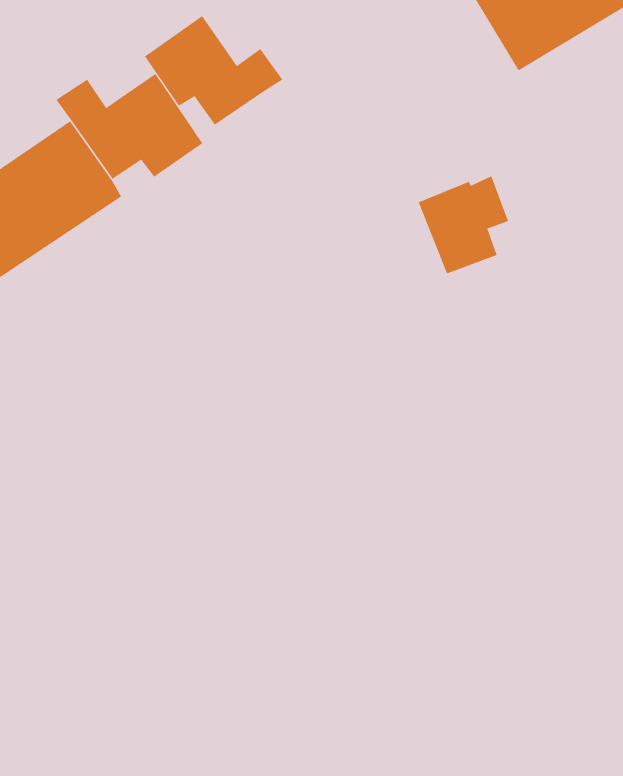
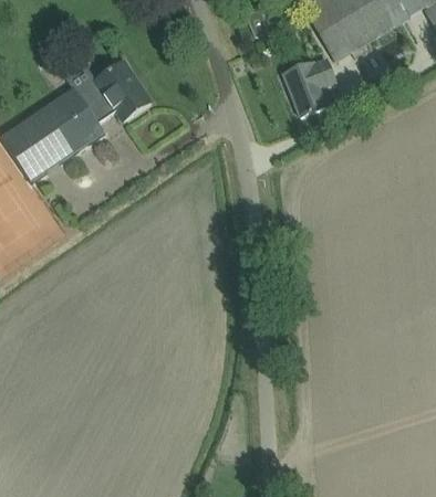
building: [144,15,283,125] -> none
building: [418,176,509,274] -> [283,57,336,115]

